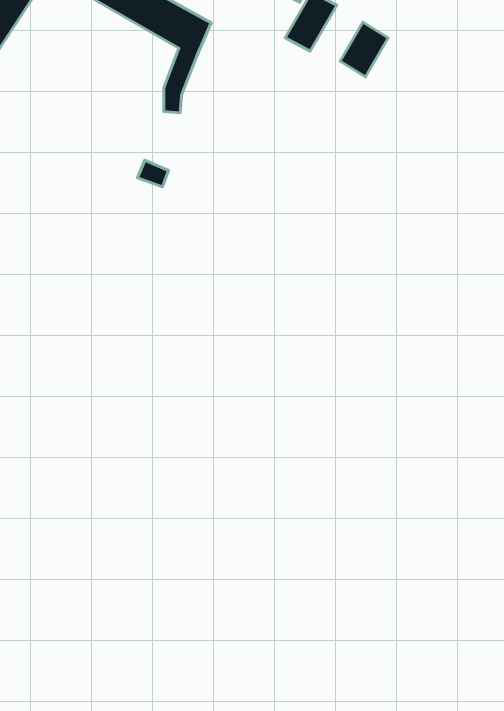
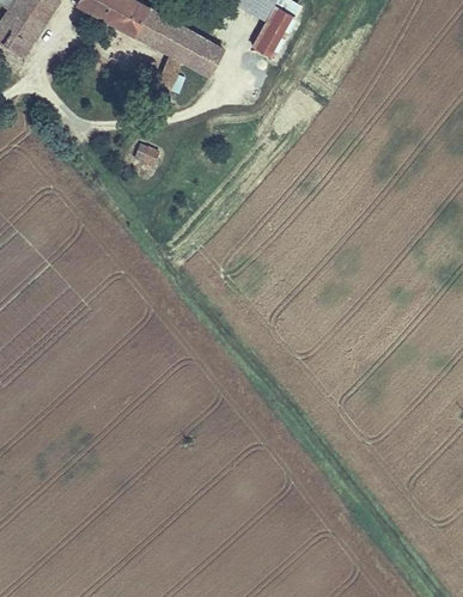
building: [340,22,388,77] -> none
building: none -> [182,35,223,75]

